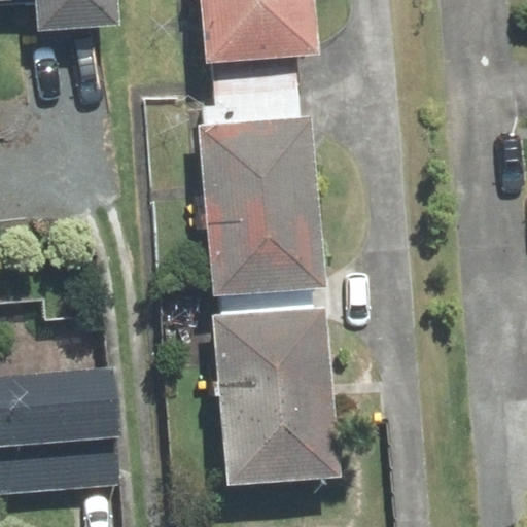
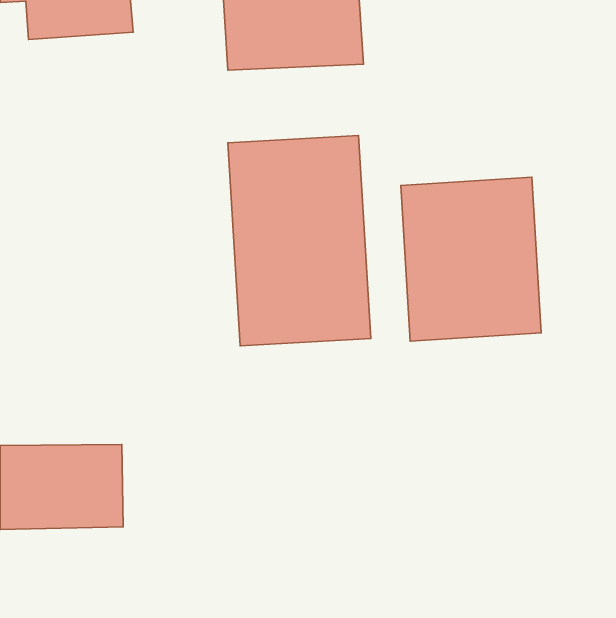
building: none -> [401,177,541,341]
building: [216,312,338,484] -> none

